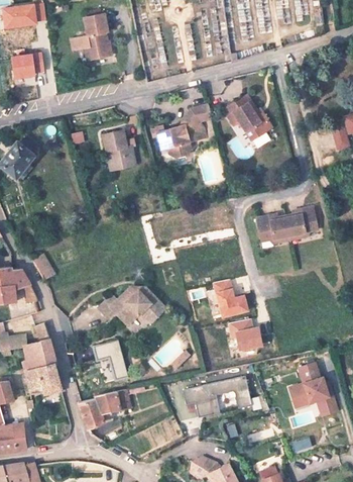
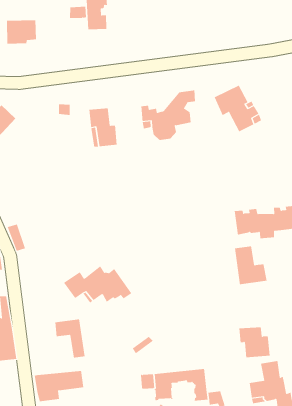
building: [212,280,248,319] -> [234,246,267,285]
building: [228,320,262,353] -> [239,327,270,358]

